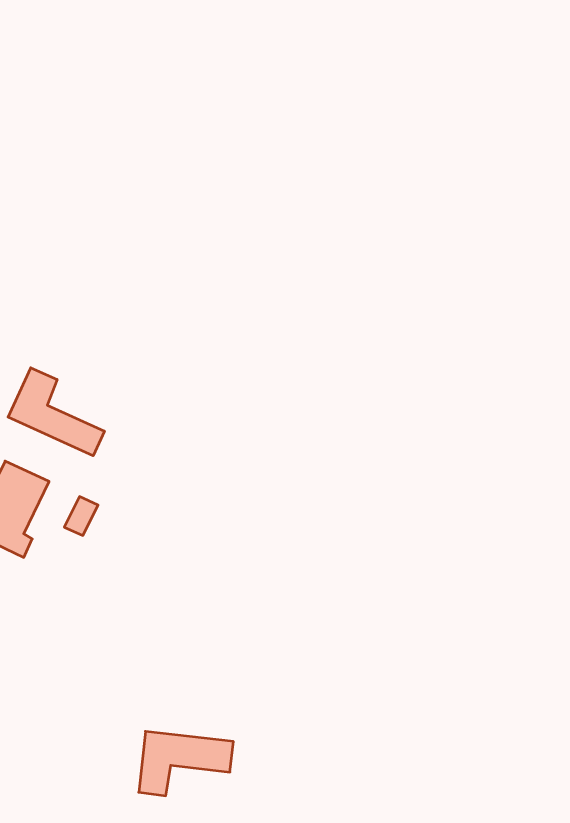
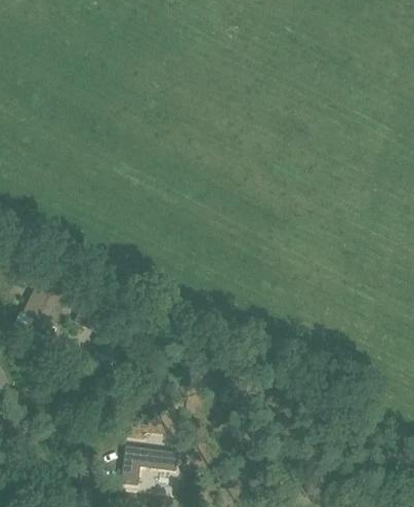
building: [8,368,104,456] -> none

